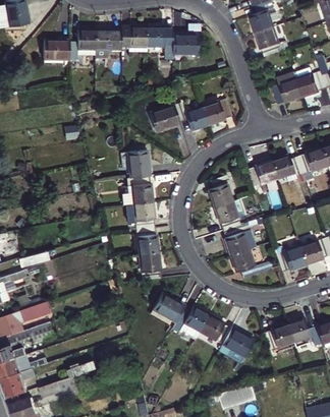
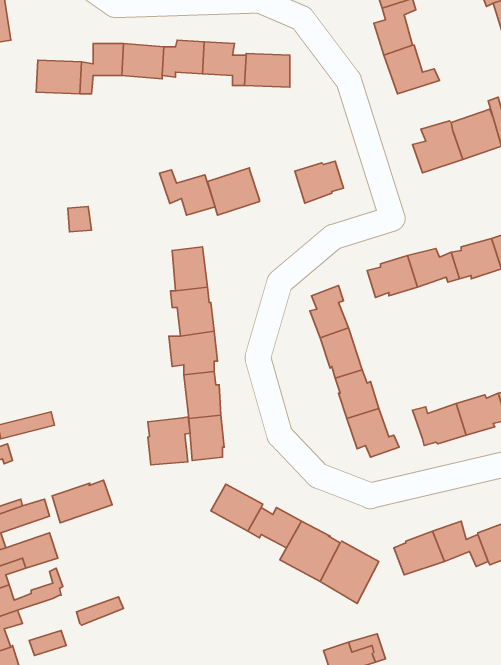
building: [173,103,207,130] -> [160,170,215,215]
building: none -> [148,417,190,465]
building: none -> [52,480,112,523]

